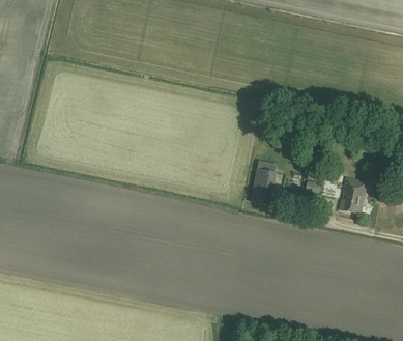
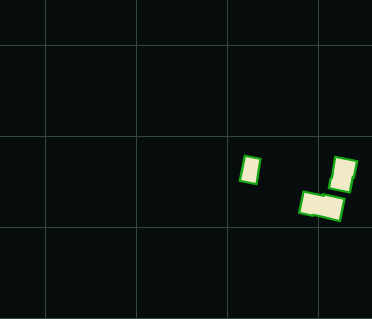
building: none -> [299,192,344,221]

